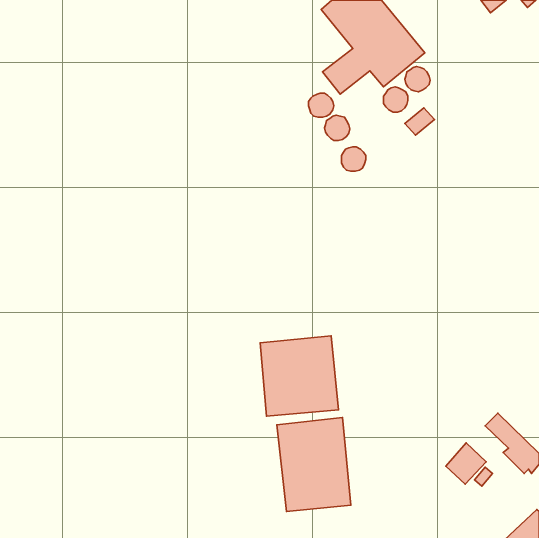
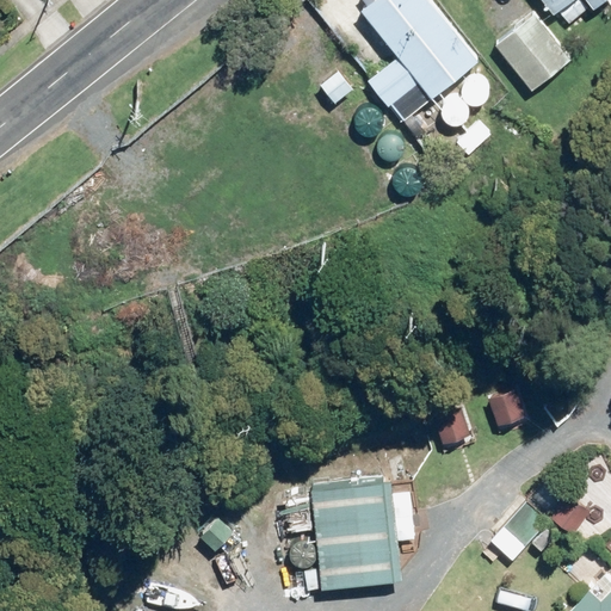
building: none -> [496,16,573,92]
building: [260,336,339,416] -> none

